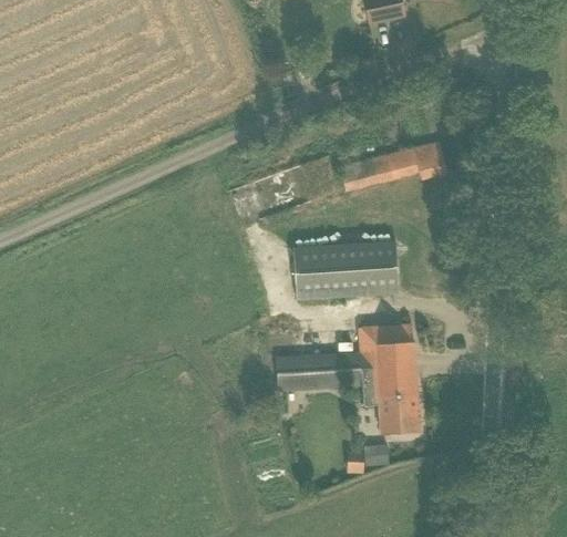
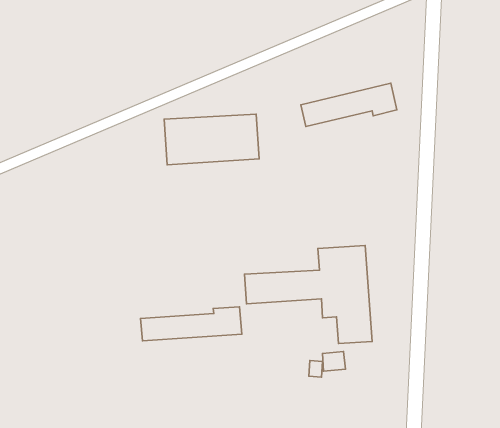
building: [293,242,400,299] -> [164,114,259,165]
building: none -> [141,307,242,341]

